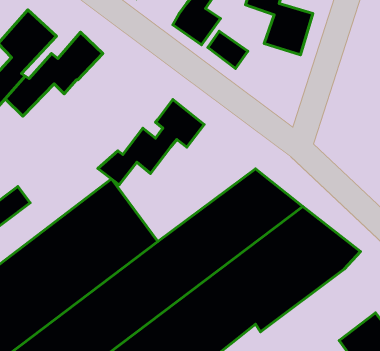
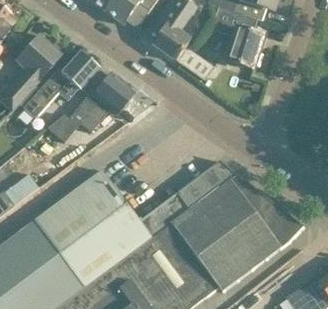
building: [98,99,204,185] -> [49,72,134,140]

